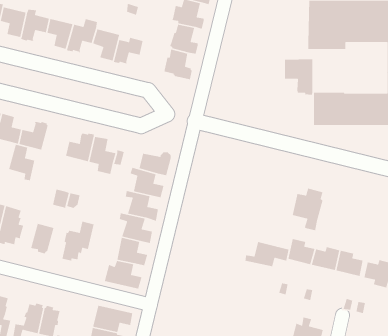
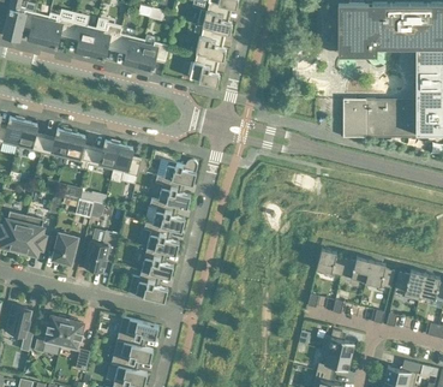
building: [284,59,313,96] -> none
building: [8,144,35,181] -> [65,132,92,171]
building: [292,188,324,231] -> none
building: [244,239,290,267] -> none

